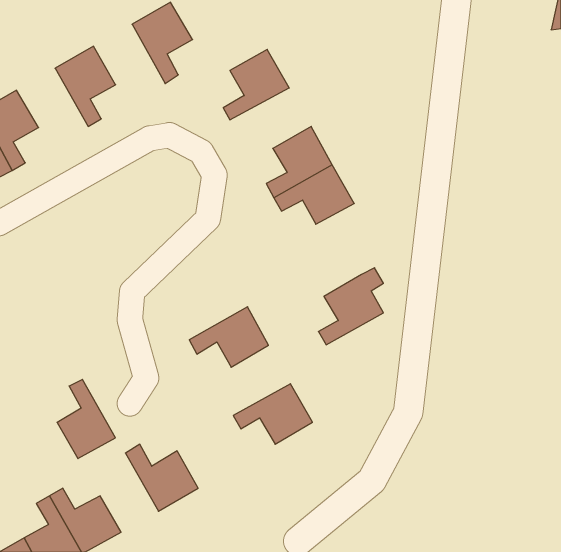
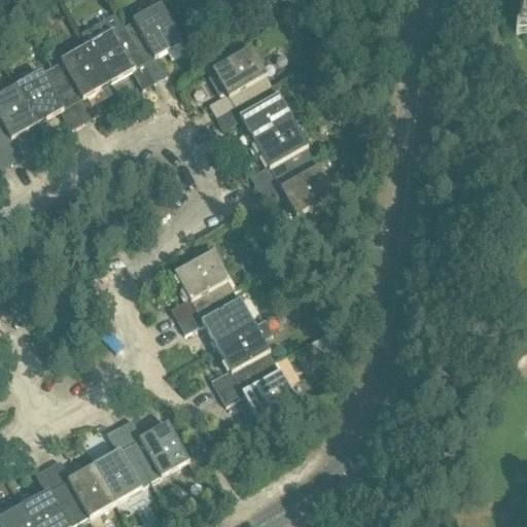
building: none -> [87,23,154,84]
building: none -> [15,64,82,126]
building: none -> [215,82,291,139]
building: none -> [170,241,232,318]
building: [318,268,383,345] -> [211,317,272,389]
building: [57,379,115,459] -> [94,424,148,498]

